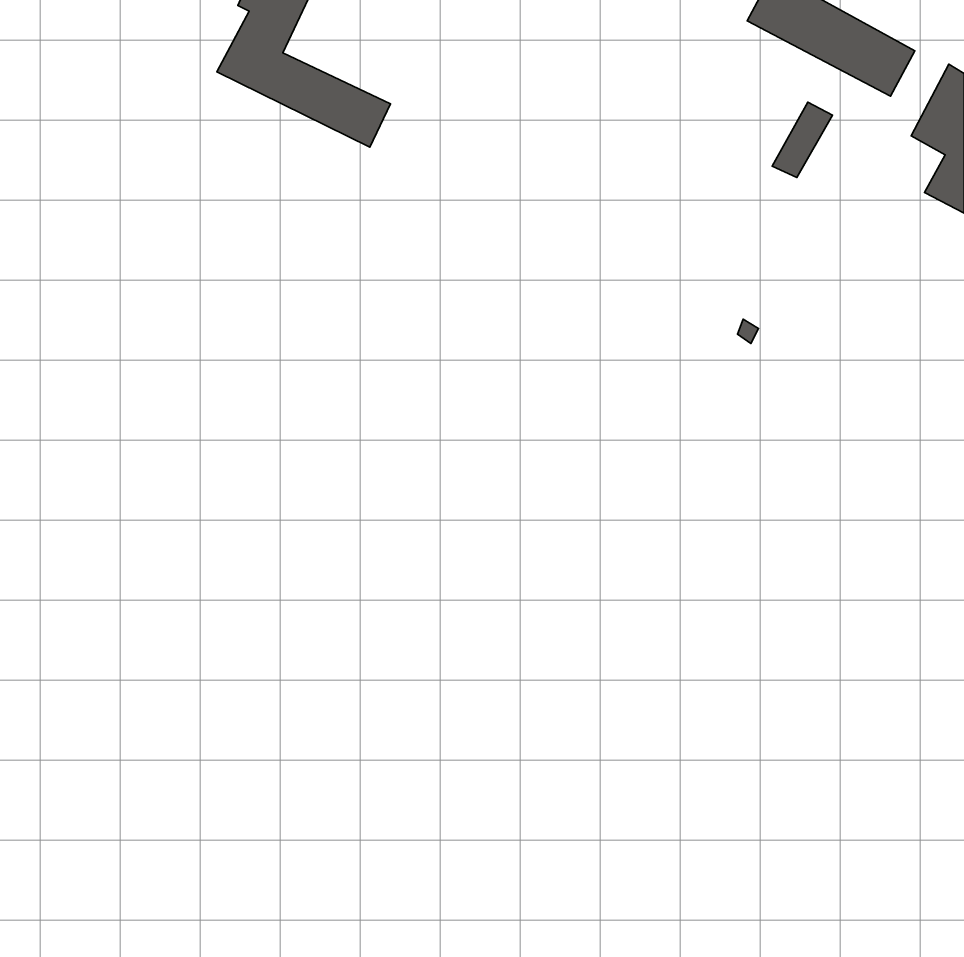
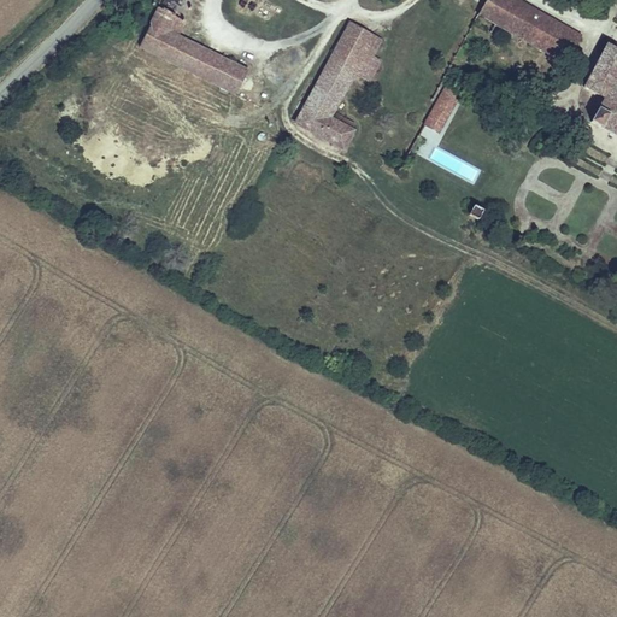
building: none -> [293,18,383,149]
building: [772,102,833,178] -> [424,82,463,130]

